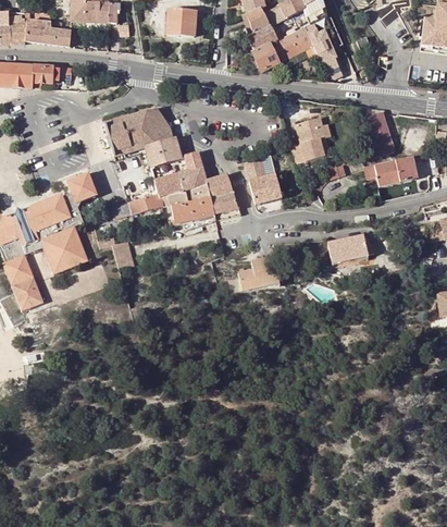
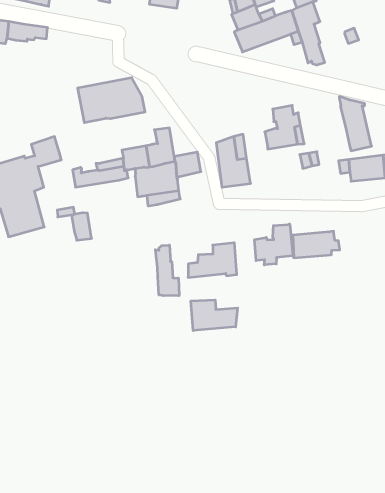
building: [140,137,182,167] -> none
building: [210,191,239,219] -> none
building: none -> [255,224,293,265]
building: none -> [155,245,179,296]
building: none -> [191,300,238,331]

